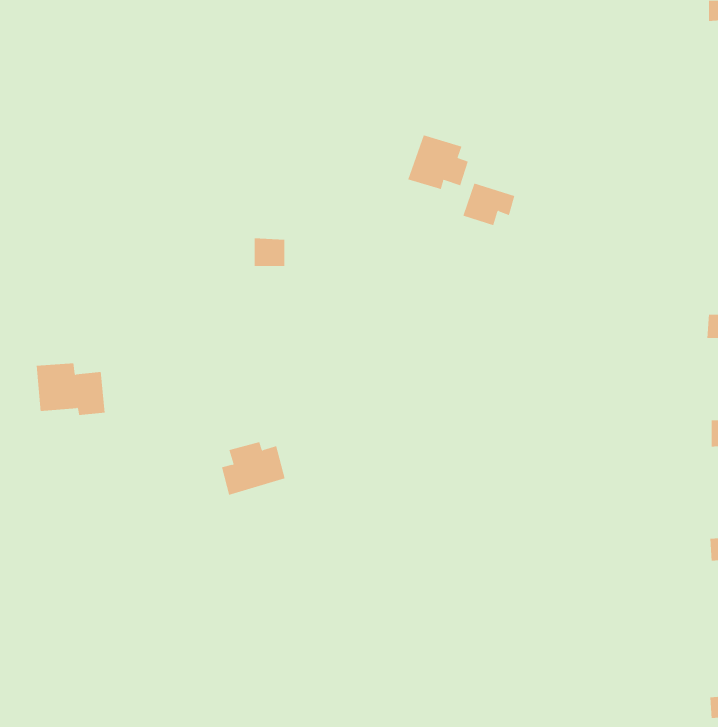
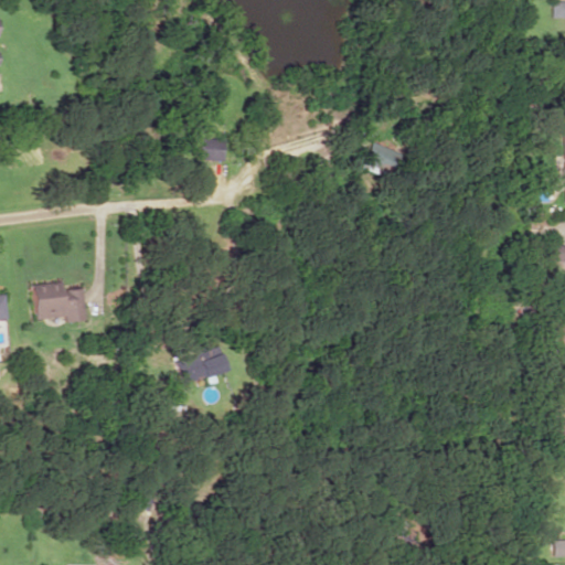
building: [408,135,468,190] -> none
building: [254,238,285,267] -> [204,139,228,161]

